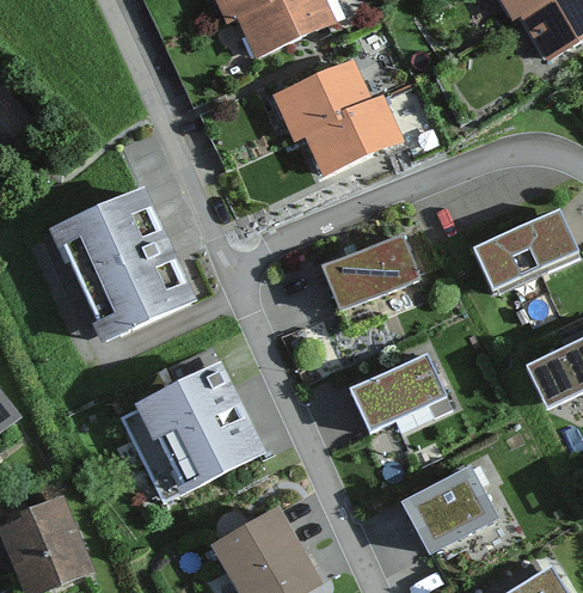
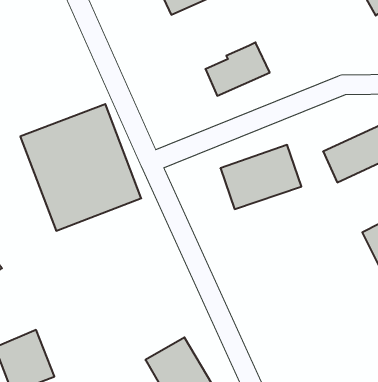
building: [272,59,364,134] -> none
building: [350,354,465,450] -> none
building: [123,368,254,495] -> none
building: [401,460,515,562] -> none

